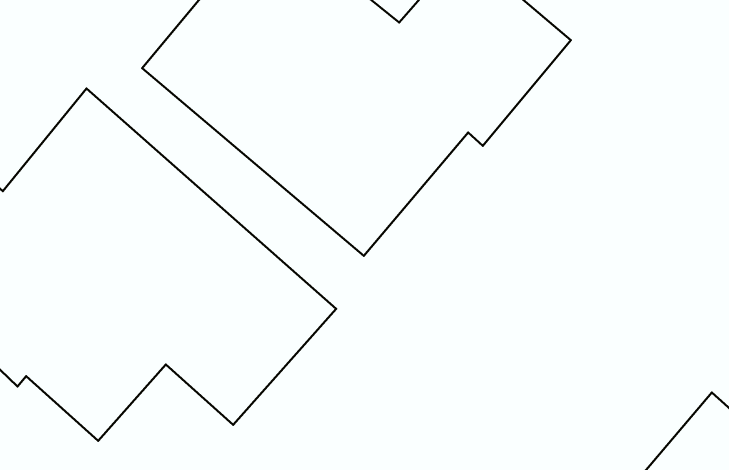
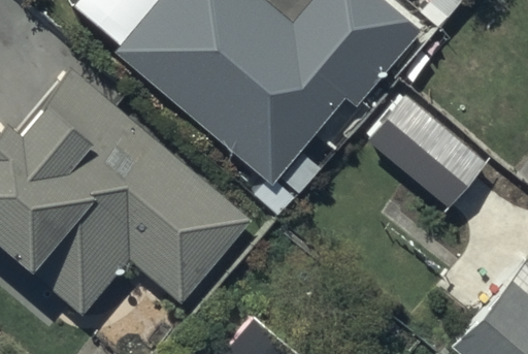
building: none -> [371,98,488,207]

